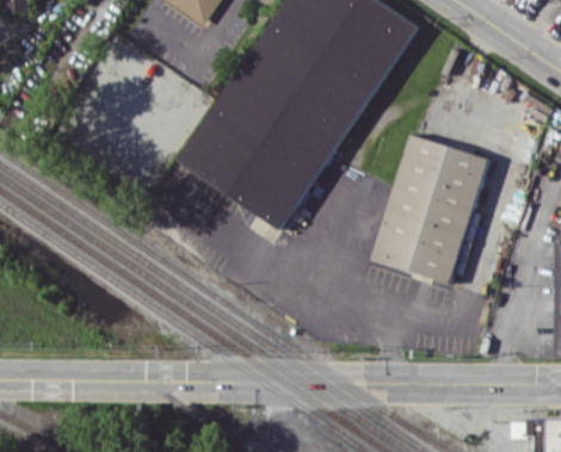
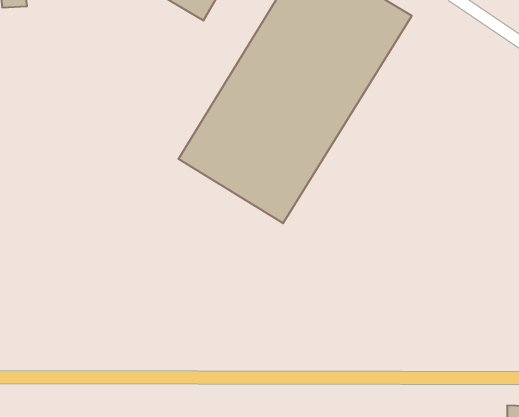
building: [375,135,489,283] -> none

